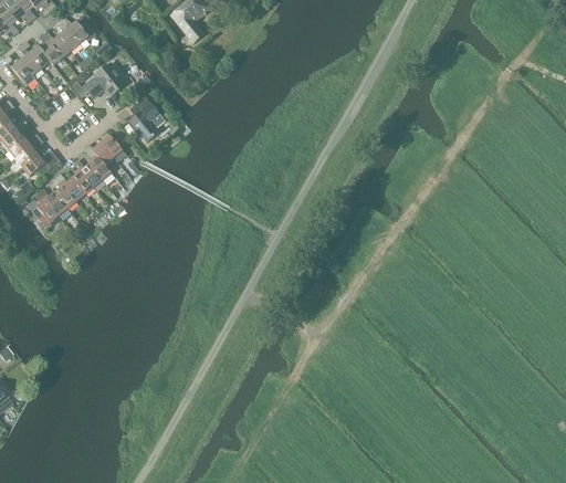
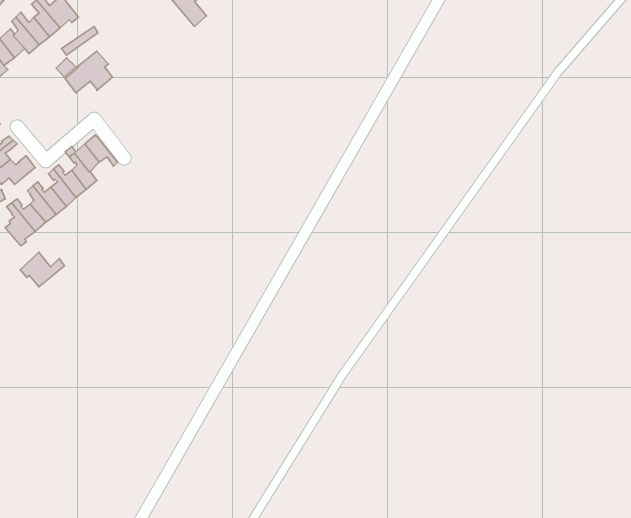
building: [129,96,165,141] -> none
building: none -> [20,252,64,287]

